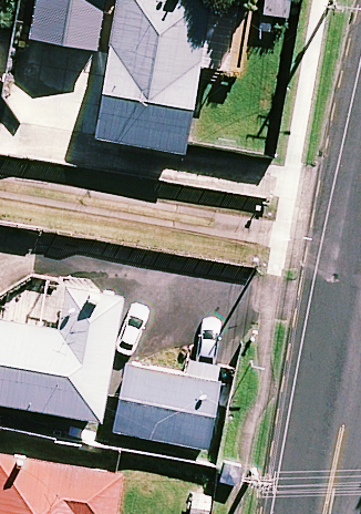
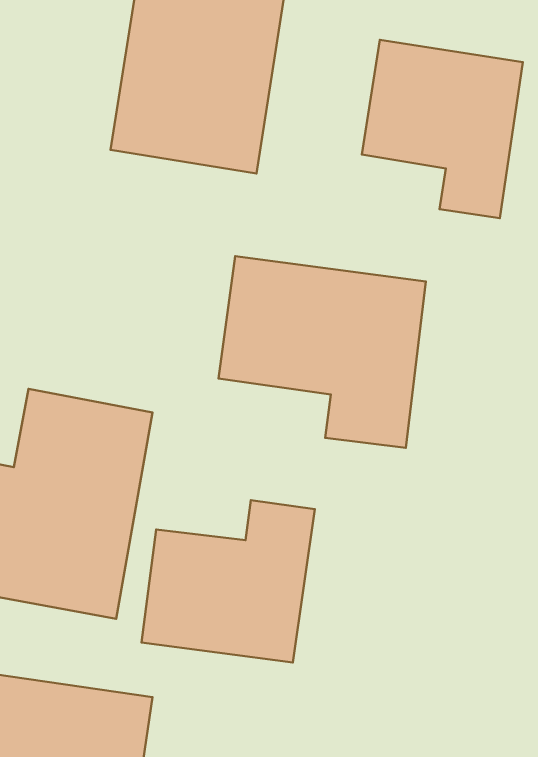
building: none -> [362,40,523,218]
building: none -> [218,256,426,448]

